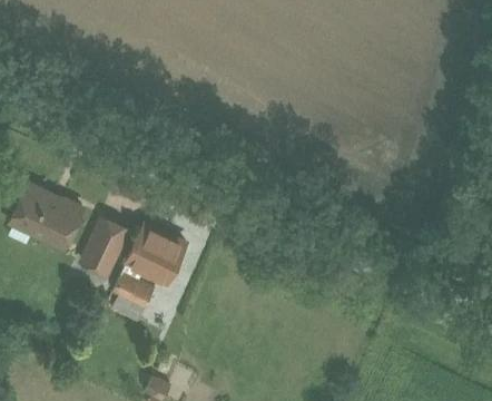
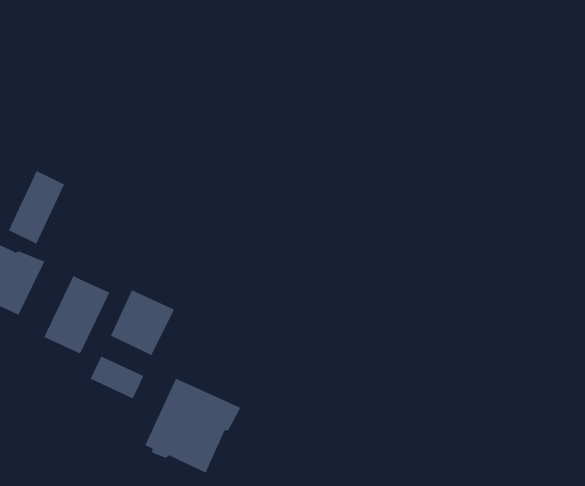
building: none -> [8,170,65,244]
building: none -> [144,378,241,473]

